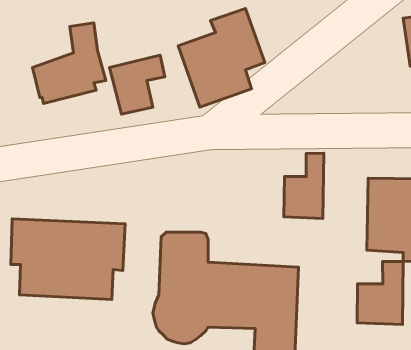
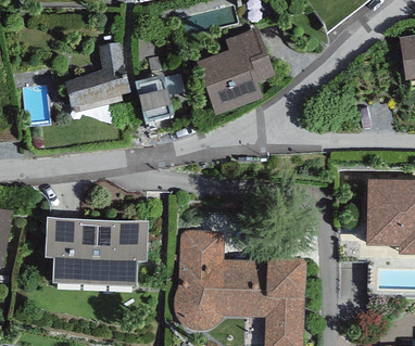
building: [284,153,324,219] -> none
building: [357,261,403,324] -> none

